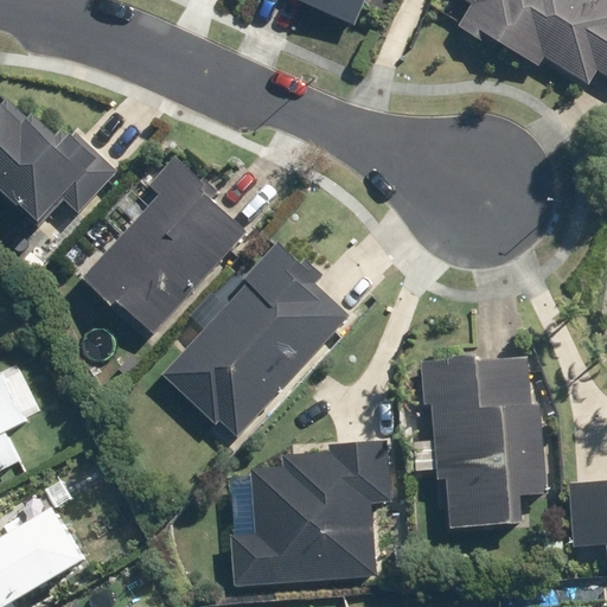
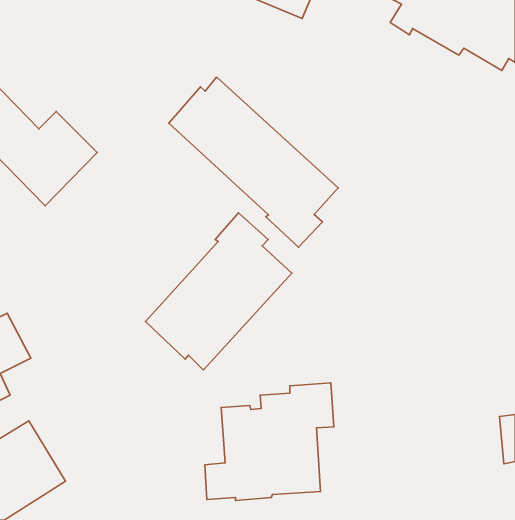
building: none -> [169,77,338,247]
building: [82,153,251,333] -> none
building: [426,352,547,524] -> none

